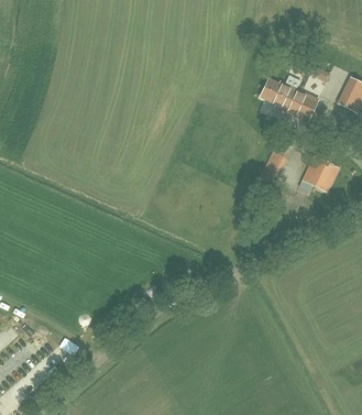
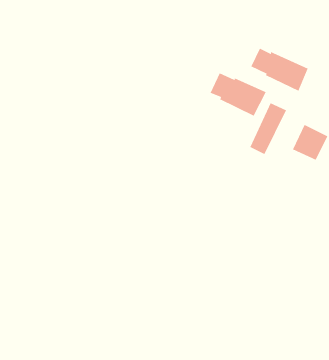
building: none -> [210,73,266,116]

